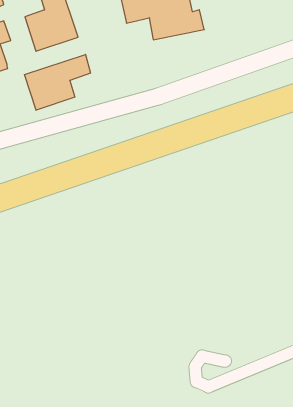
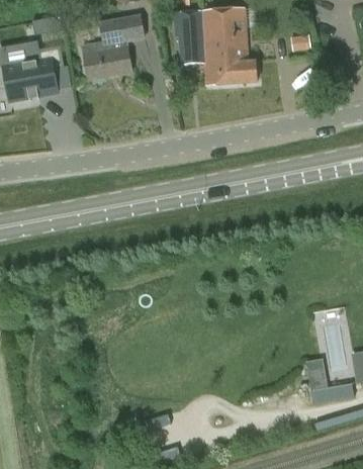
building: [25,54,91,110] -> none

